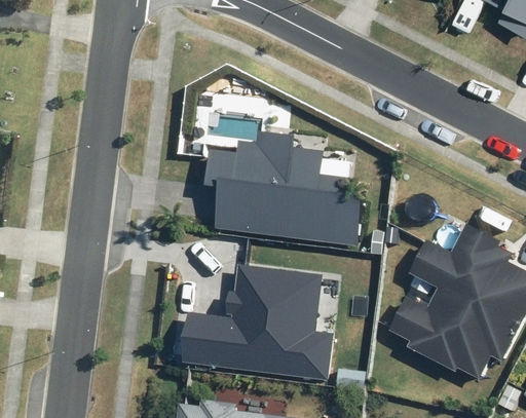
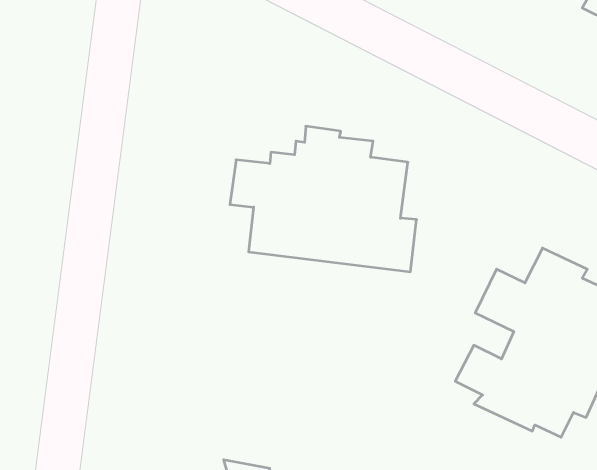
building: [184,268,329,378] -> none

